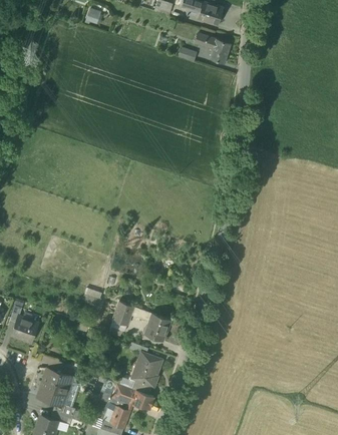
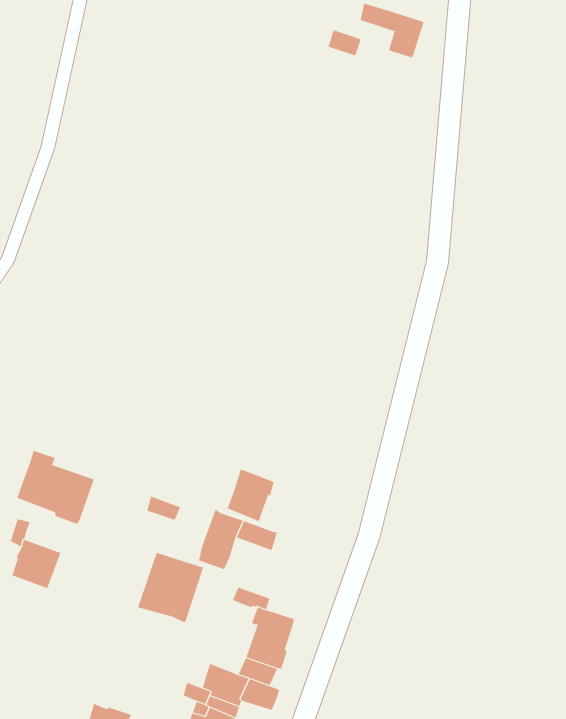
building: none -> [16,449,94,524]
building: [145,312,171,340] -> [227,469,274,522]
building: [37,368,72,405] -> [137,552,204,623]

